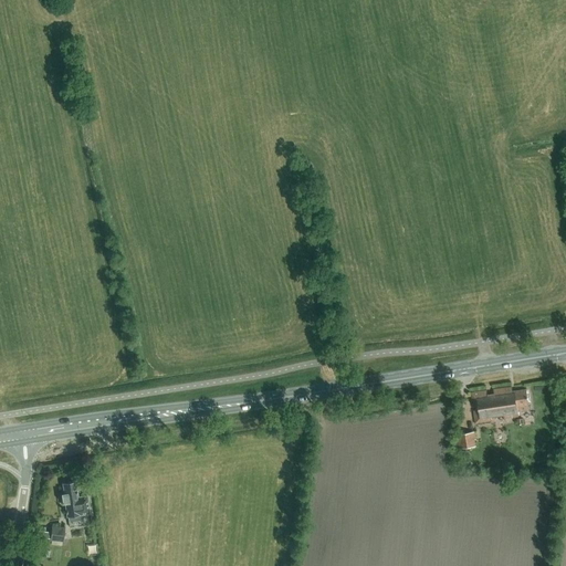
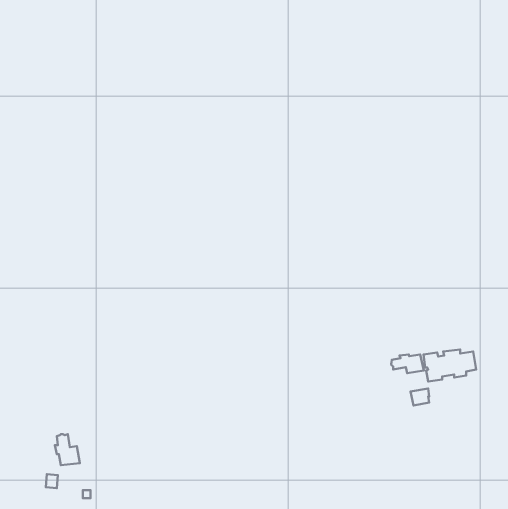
building: none -> [391,355,424,373]

